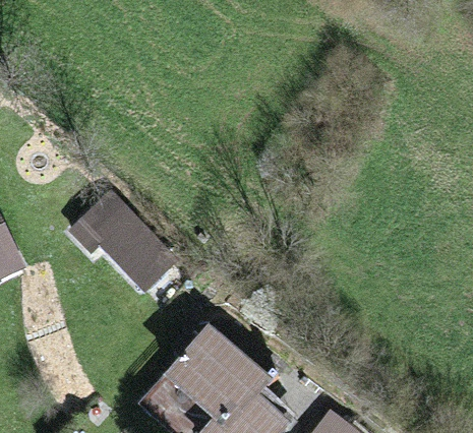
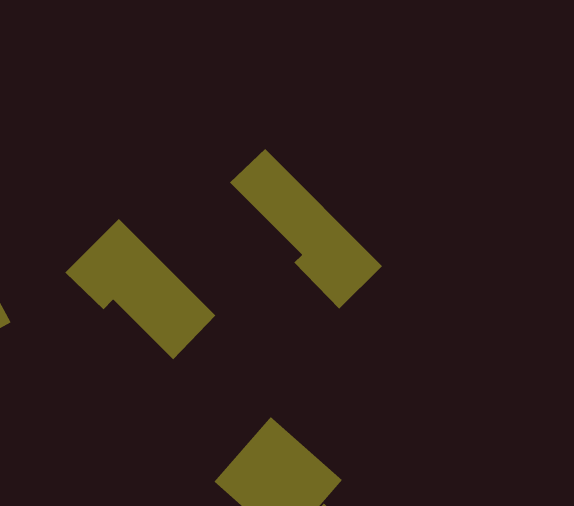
building: none -> [229,148,383,309]

